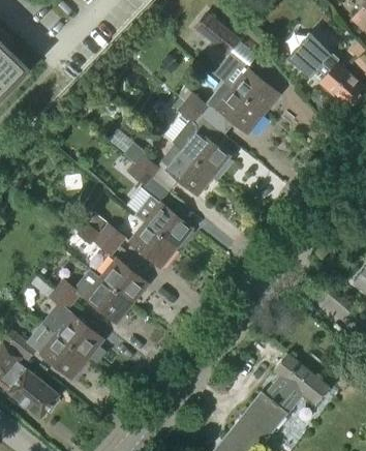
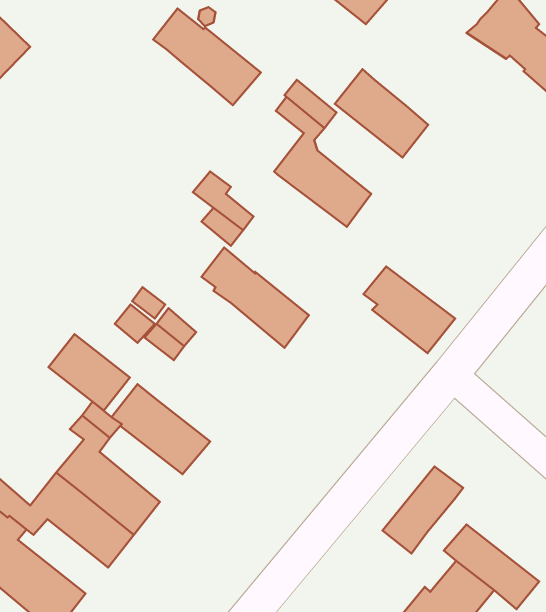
building: [216,57,280,115] -> [153,8,261,105]
building: [160,145,215,197] -> [364,267,455,353]
building: [129,221,178,269] -> none
building: [100,259,149,304] -> [48,334,130,410]
building: none -> [382,467,463,553]

